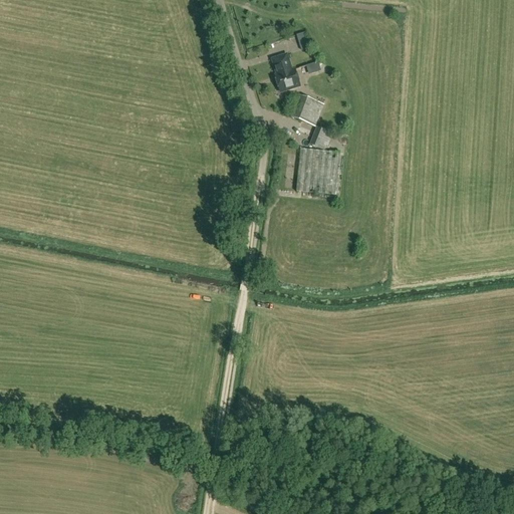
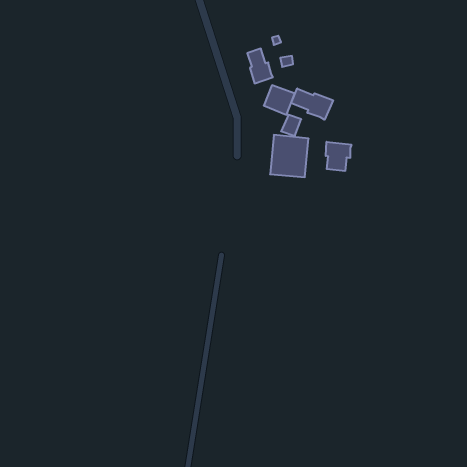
building: none -> [291,88,333,120]
building: none -> [326,142,351,171]

